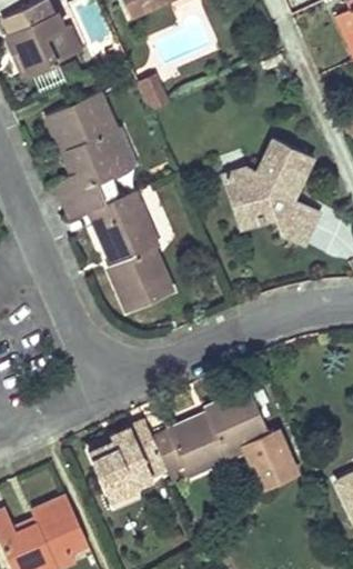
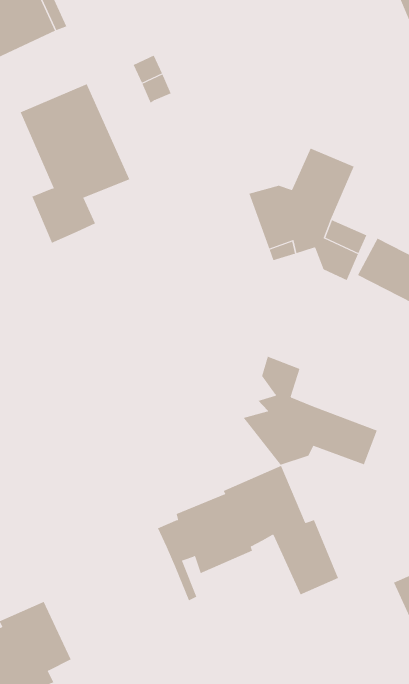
building: [92,196,173,311] -> none
building: none -> [243,356,377,466]
building: [88,420,161,510] -> none

